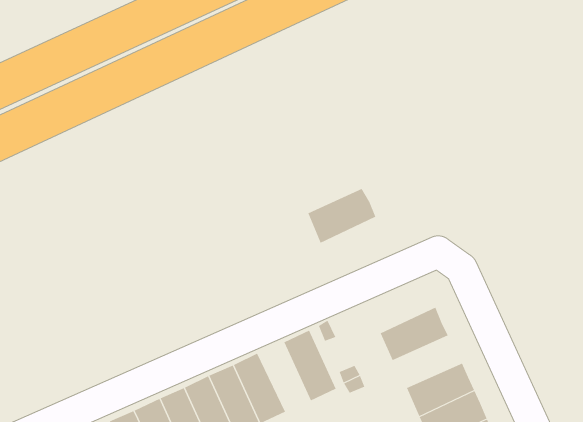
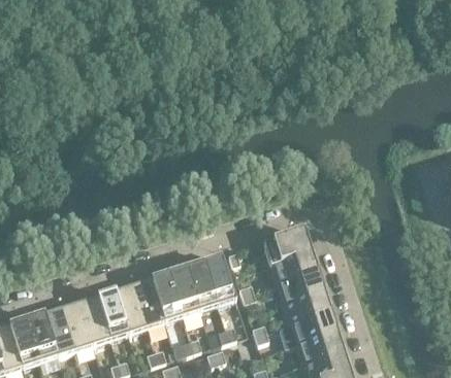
building: [307,188,376,244] -> [264,230,311,264]
building: none -> [277,271,324,303]
building: none -> [186,262,218,309]

